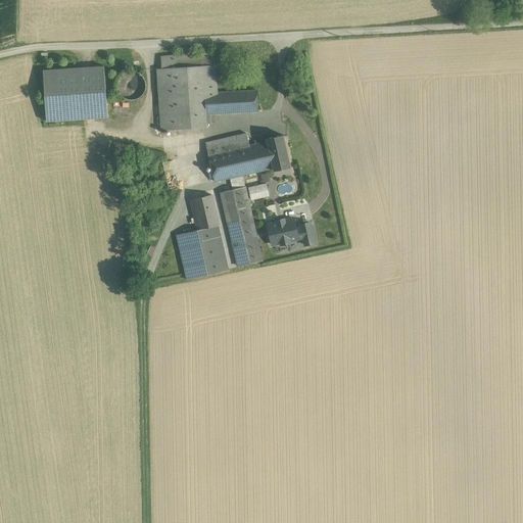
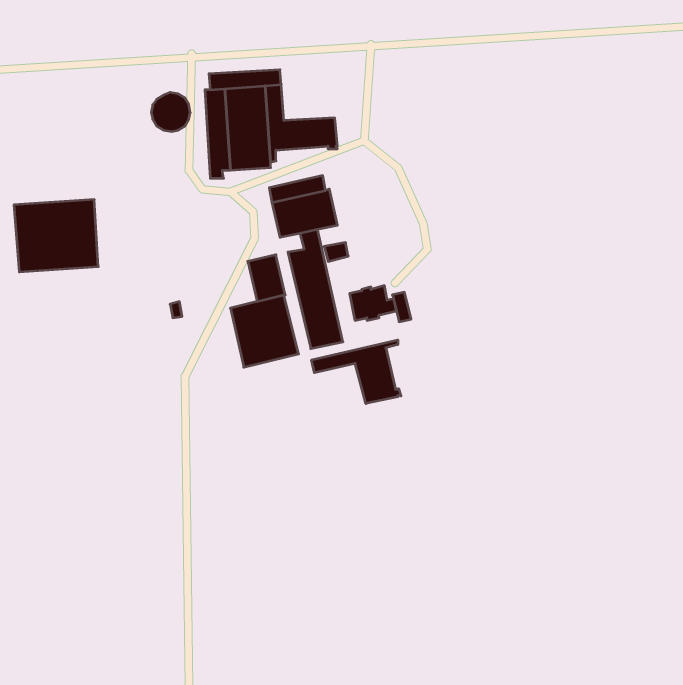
building: [42,66,106,122] -> [14,200,98,272]
building: [251,135,289,172] -> none
building: none -> [312,340,401,404]

